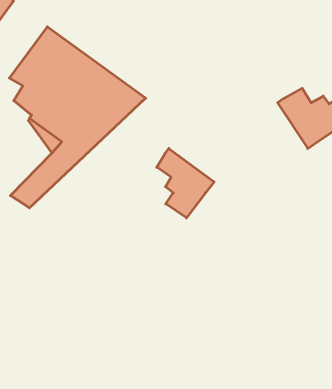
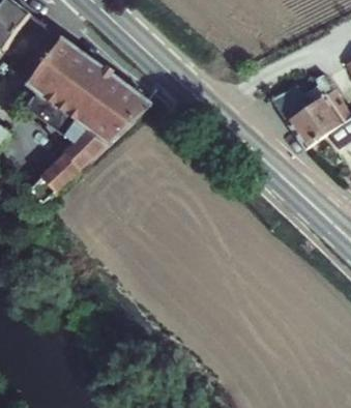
building: [157,148,214,218] -> none

